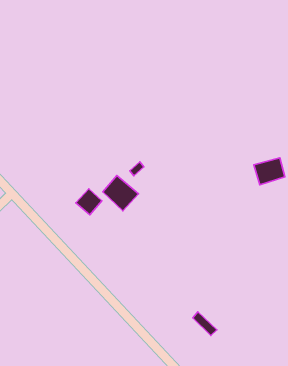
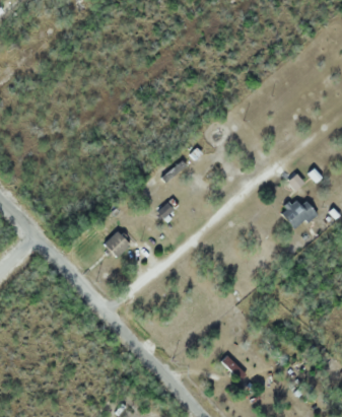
building: [103,175,138,211] -> none

